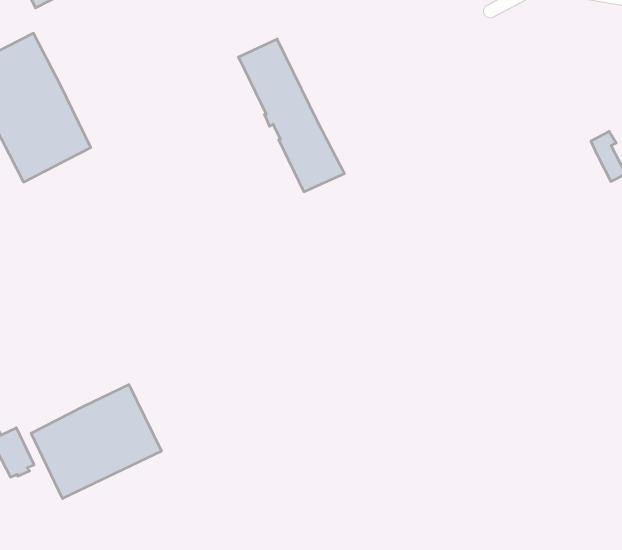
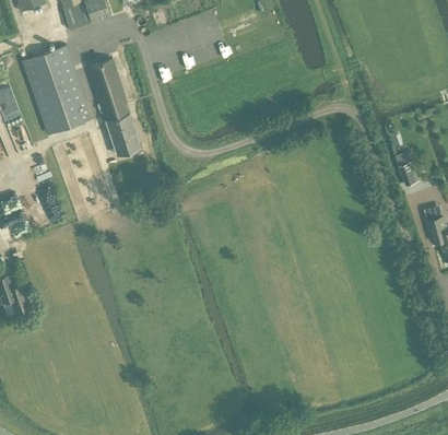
building: [238,39,344,192] -> [87,60,142,155]
building: [31,385,161,499] -> none

